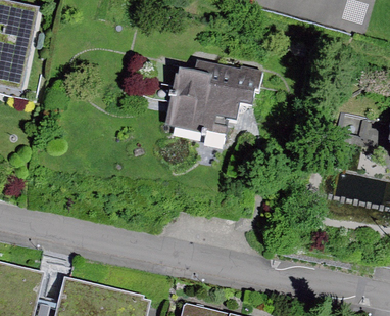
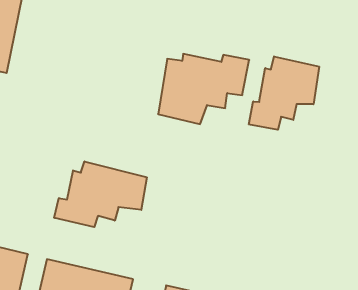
building: none -> [249,56,319,130]
building: none -> [54,161,147,227]

